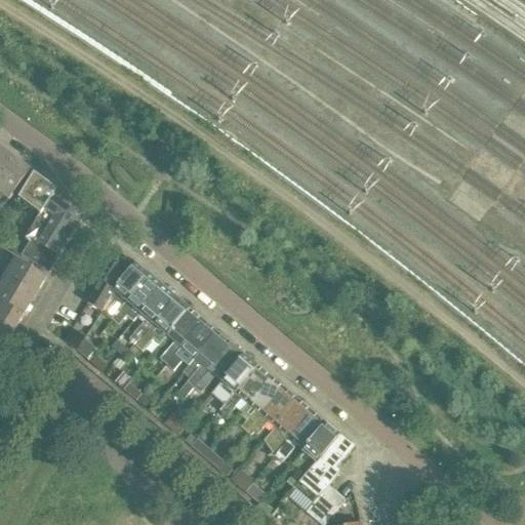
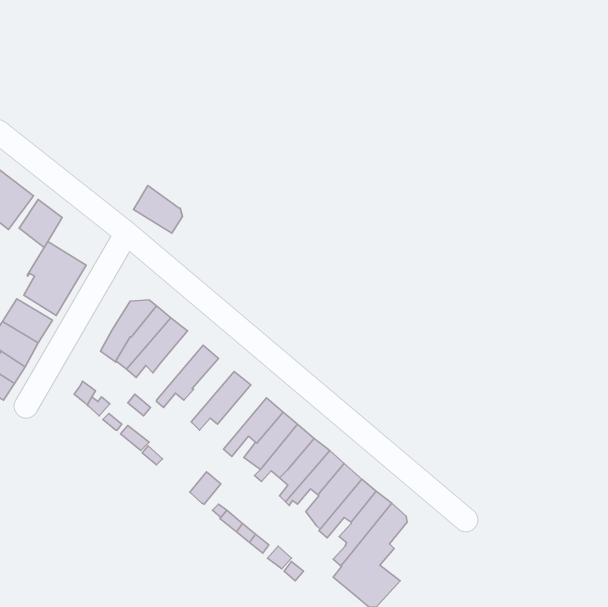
building: [41,187,83,228] -> [134,185,183,233]
building: [127,284,174,344] -> none
building: [158,308,201,362] -> none
building: [175,330,229,397] -> none

